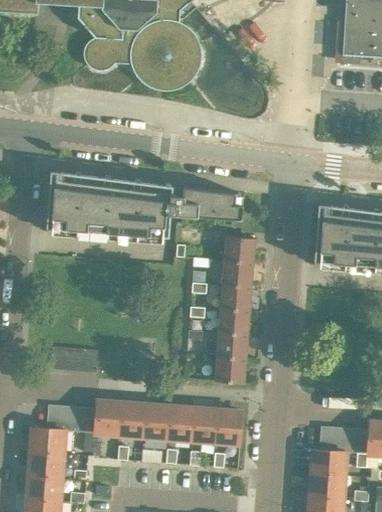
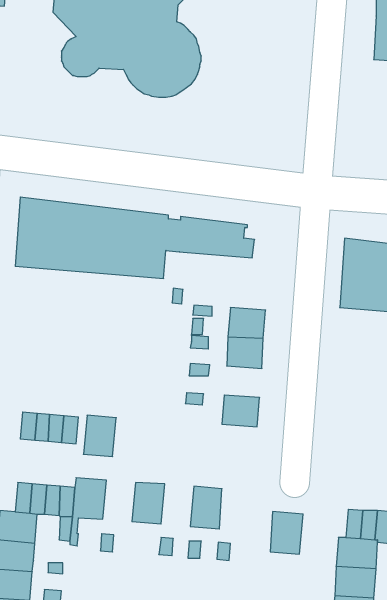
building: [224,237,255,263] -> none
building: [219,309,250,335] -> none
building: [216,357,246,384] -> none
building: [119,403,146,437] -> [83,415,116,457]
building: [167,406,194,441] -> none
building: [215,410,242,445] -> [270,512,303,554]

